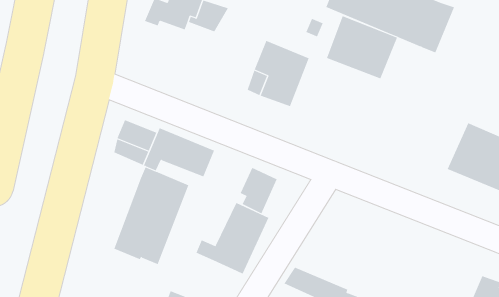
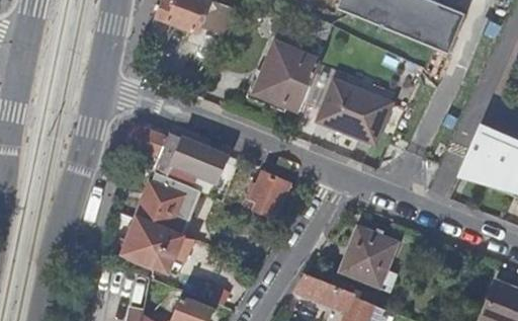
building: [326,16,398,79] -> [318,80,391,145]
building: [196,202,269,274] -> none
building: none -> [340,226,396,286]

